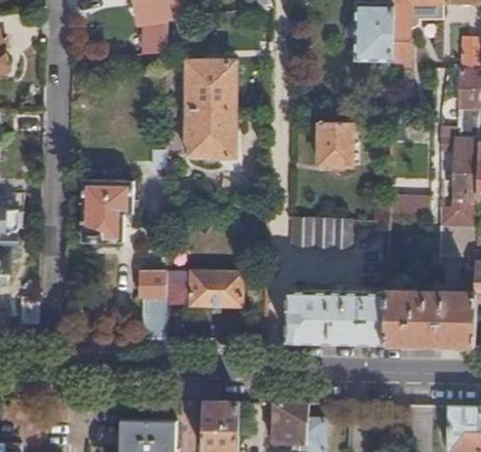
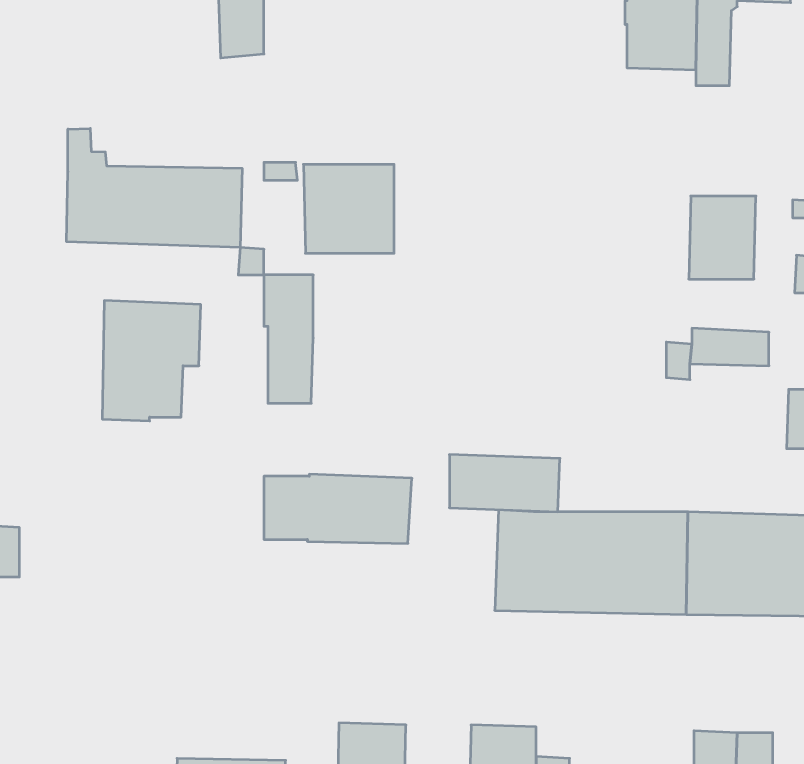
building: [186,63,234,111] -> none
building: none -> [67,128,242,247]
building: [318,123,353,166] -> [689,196,756,279]
building: [292,220,349,250] -> [449,455,560,512]
building: [140,273,165,340] -> [264,275,313,403]

